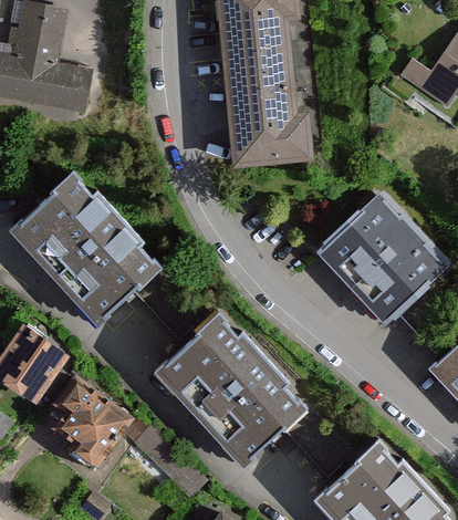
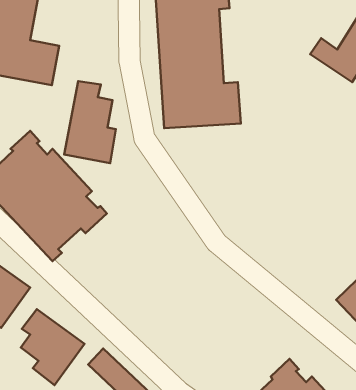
building: none -> [64,81,116,163]
building: [316,194,447,325] -> none
building: [150,310,305,465] -> none

